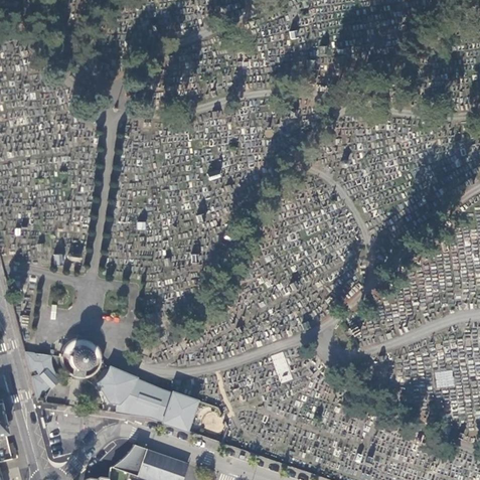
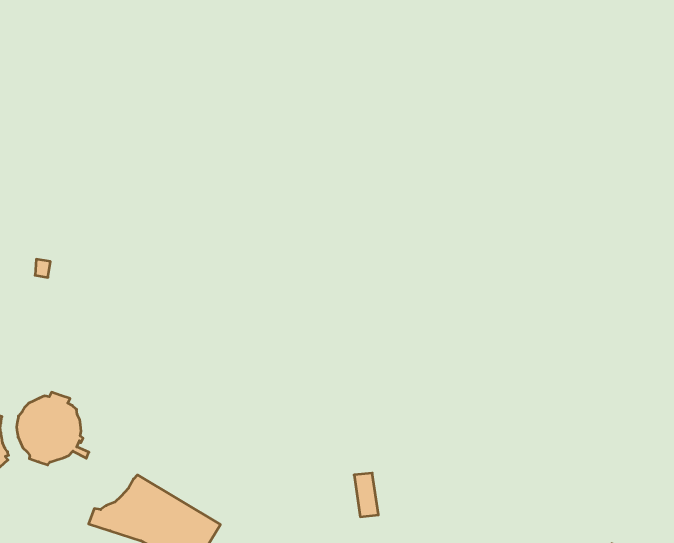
building: [96,366,140,403] -> none

